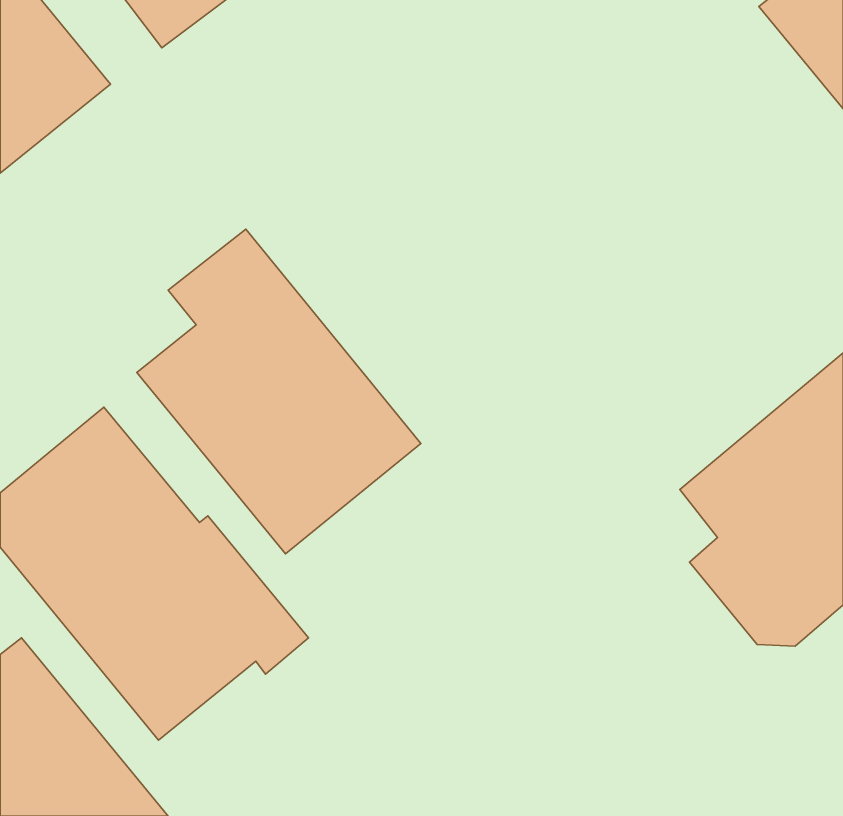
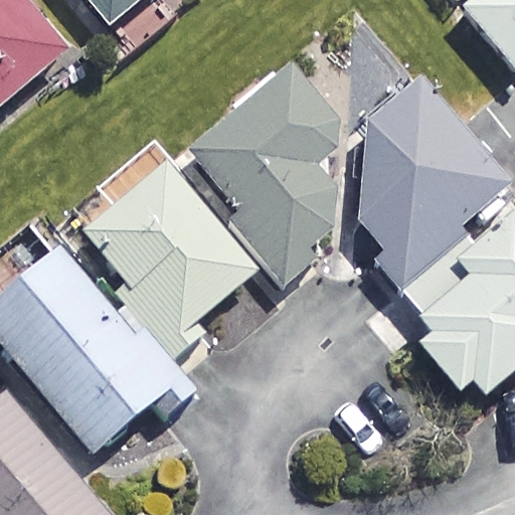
building: none -> [191,69,347,274]
building: none -> [356,79,507,272]

